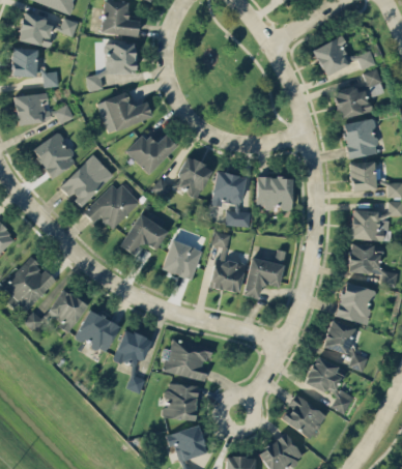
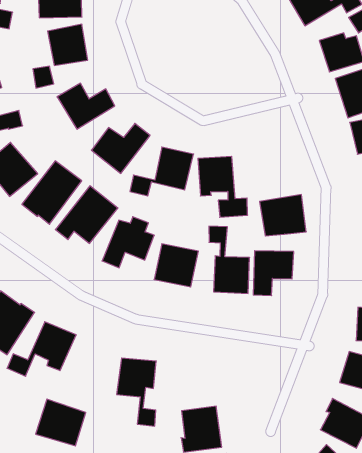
building: [257,177,293,209] -> [260,195,306,236]
building: [75,309,120,352] -> [36,399,86,446]
building: [165,338,213,380] -> none

